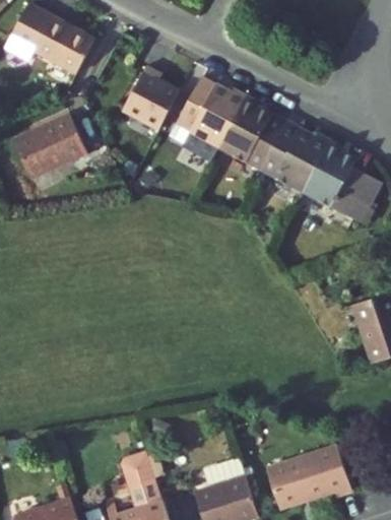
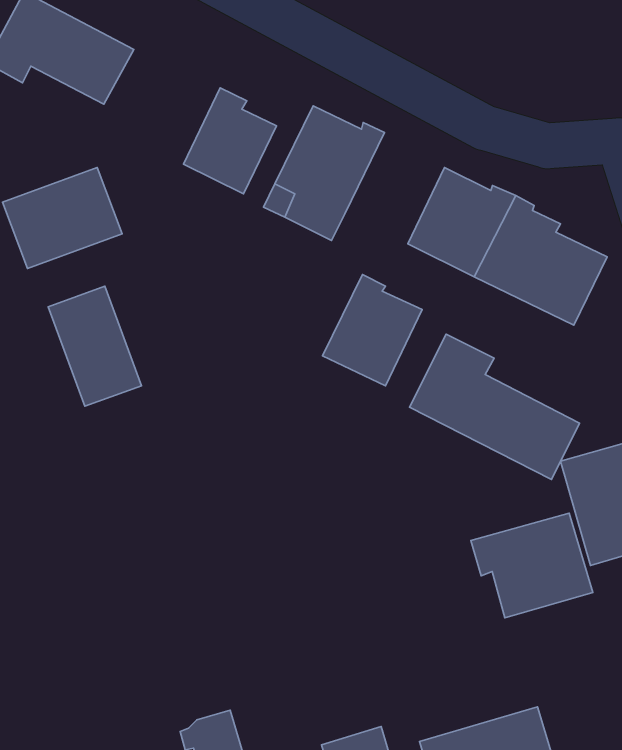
building: [218,96,279,165] -> [323,275,422,386]
building: none -> [48,286,142,406]
building: none -> [410,334,579,479]
building: none -> [471,513,593,618]

